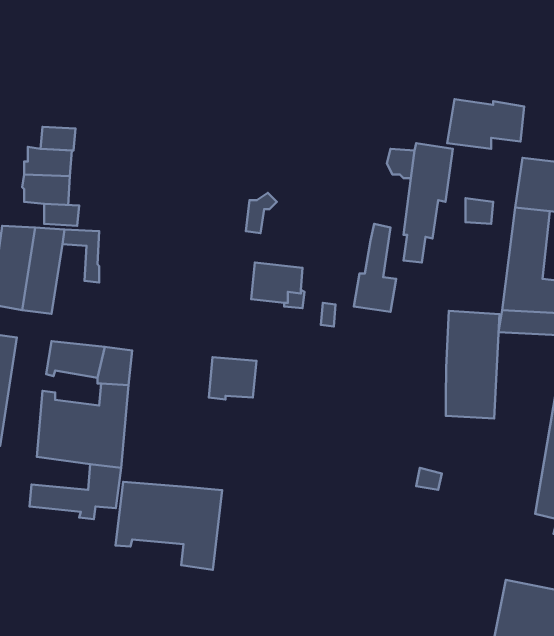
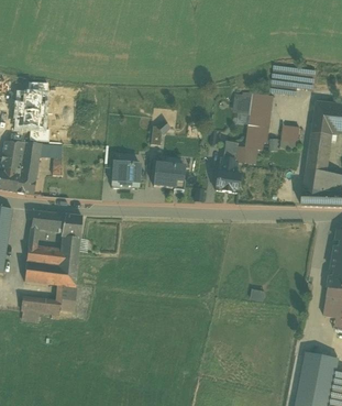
building: [446,311,500,419] -> none
building: [209,357,257,399] -> [110,162,139,187]
building: [115,482,222,570] -> none

